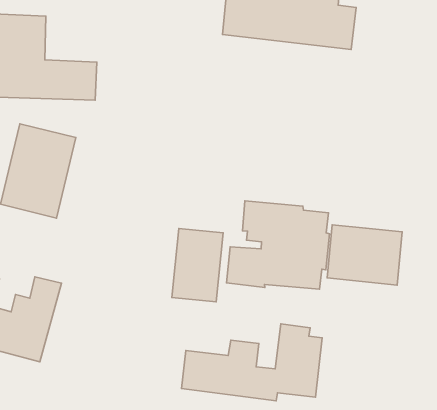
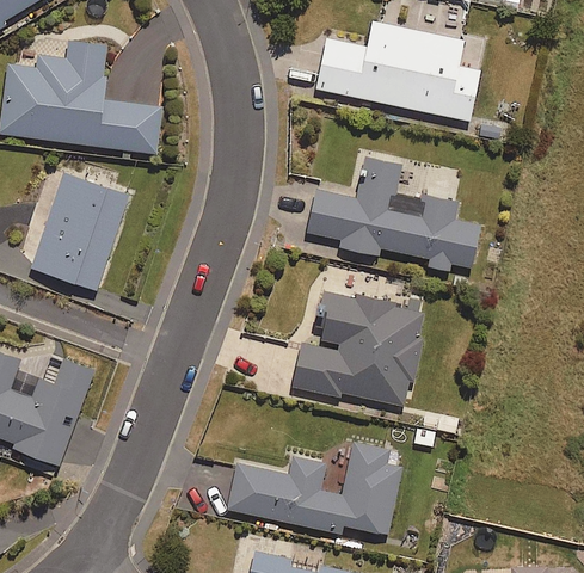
building: none -> [307,154,479,271]
building: [327,225,402,285] -> none
building: [172,229,223,302] -> none

